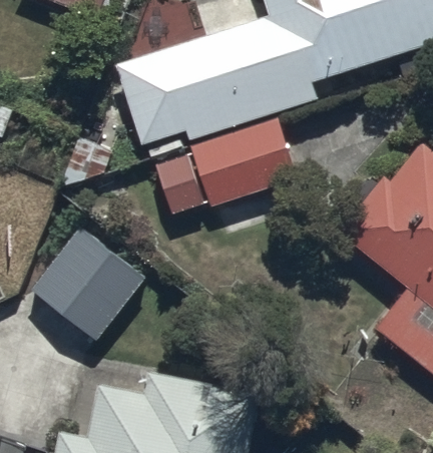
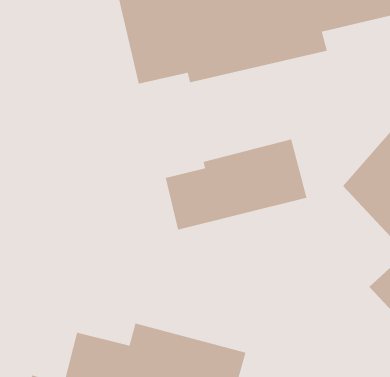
building: [157,118,296,214] -> [165,139,308,231]
building: [34,225,147,338] -> none

